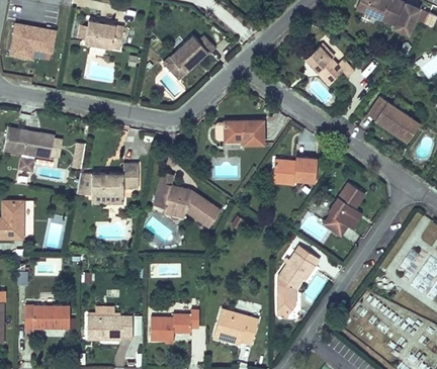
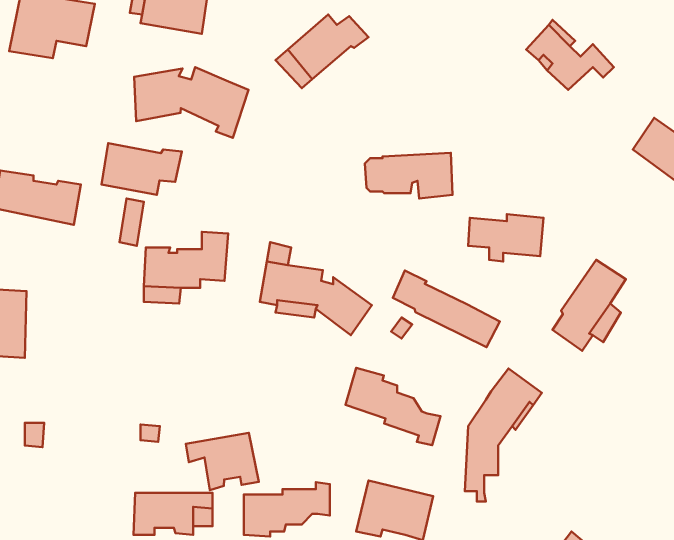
building: none -> [134,67,248,138]
building: none -> [101,143,182,195]
building: none -> [393,270,500,347]
building: none -> [345,368,440,445]
building: none -> [186,433,259,490]
building: [21,302,67,329] -> none

